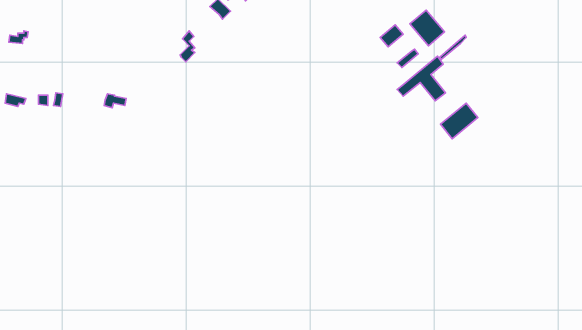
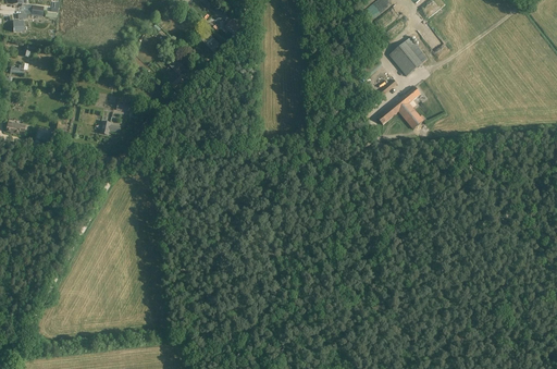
building: [440,103,478,139] -> none

